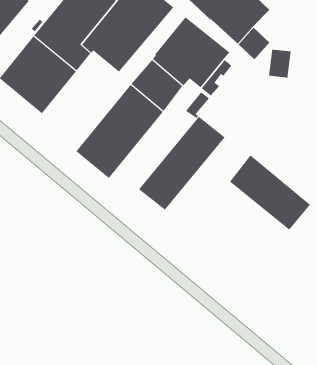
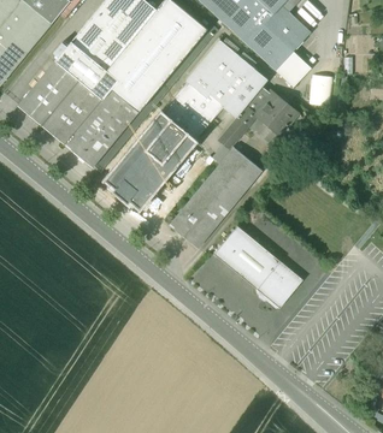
building: none -> [65,77,148,167]
building: none -> [252,93,294,130]
building: [229,154,311,231] -> [214,225,302,307]

